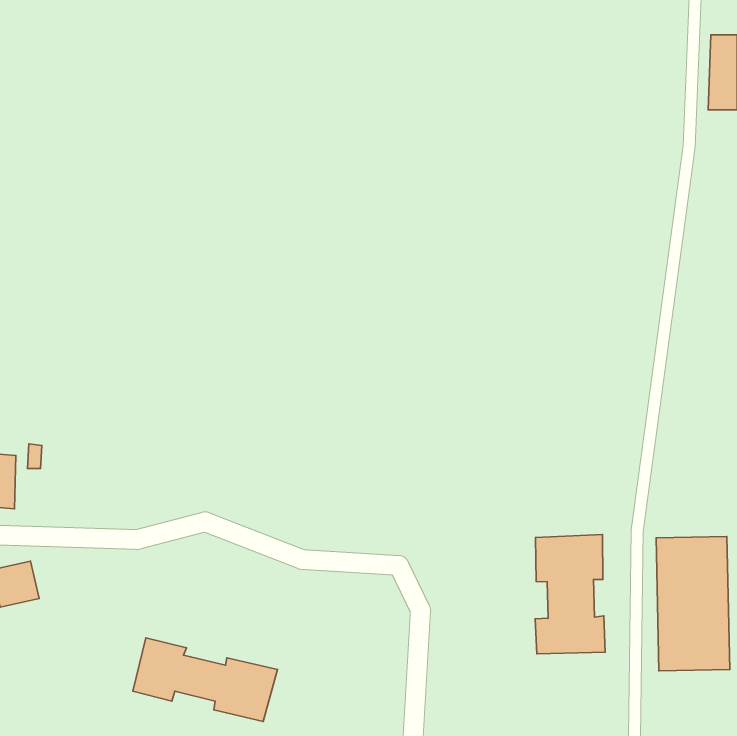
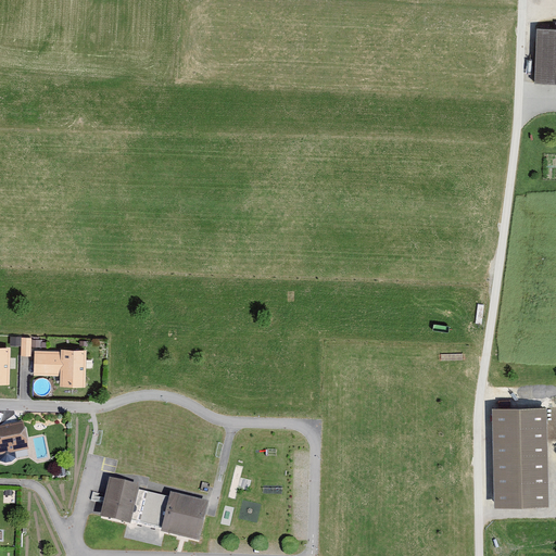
building: none -> [34,345,87,387]
building: [535,534,605,654] -> none

